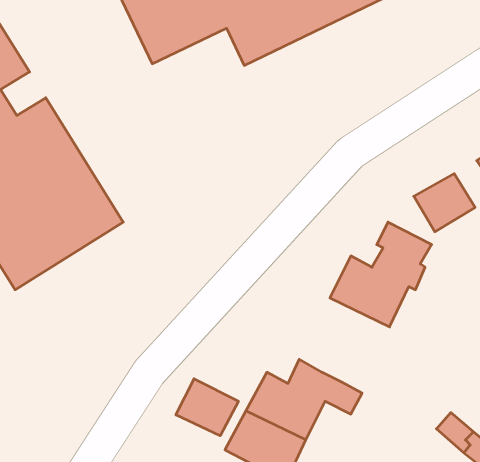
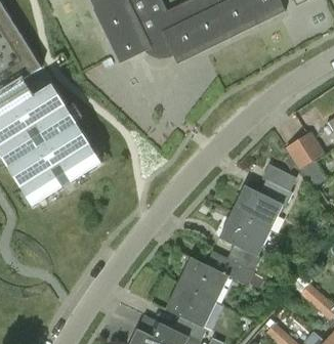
building: none -> [218,211,269,271]
building: [176,379,238,436] -> none

